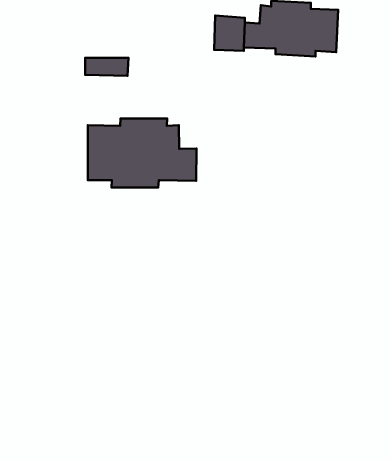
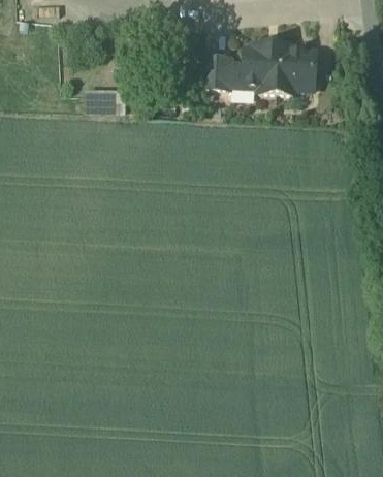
building: [88,118,196,187] -> none

